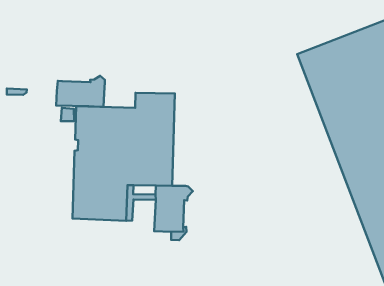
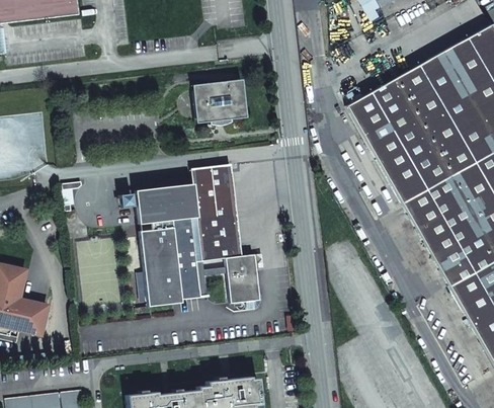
building: none -> [192,79,247,125]
building: [56,76,105,107] -> none

